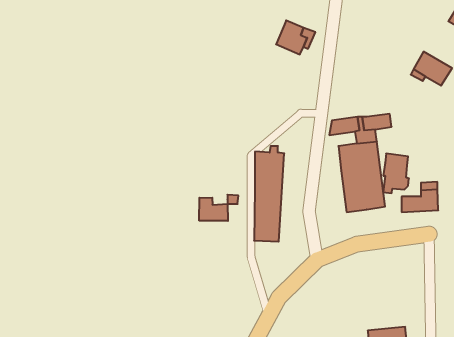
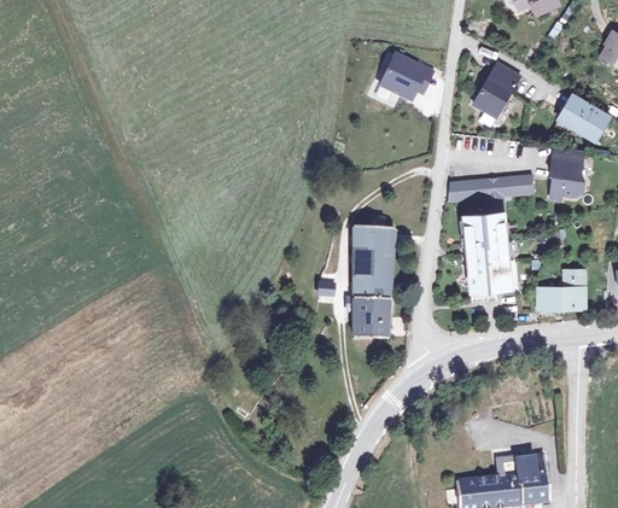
building: none -> [476,60,521,115]
building: [383,154,409,193] -> [547,150,581,202]
building: [199,198,228,221] -> none

